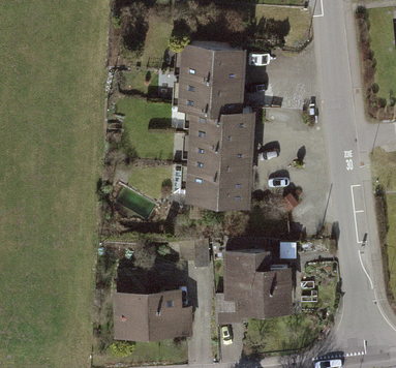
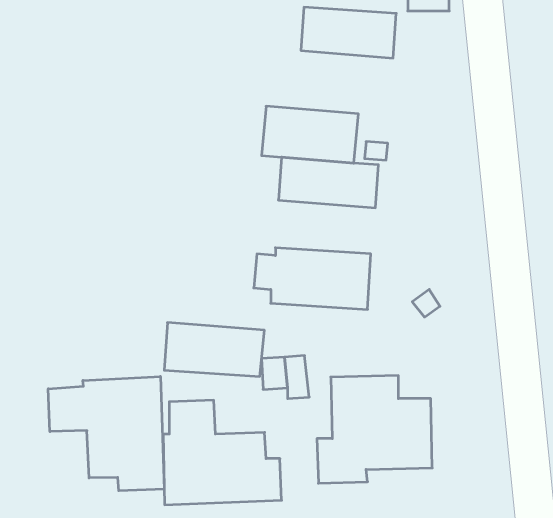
building: [182,43,246,78] -> [301,7,396,58]
building: [188,135,255,172] -> [164,323,264,376]
building: none -> [48,376,164,491]

